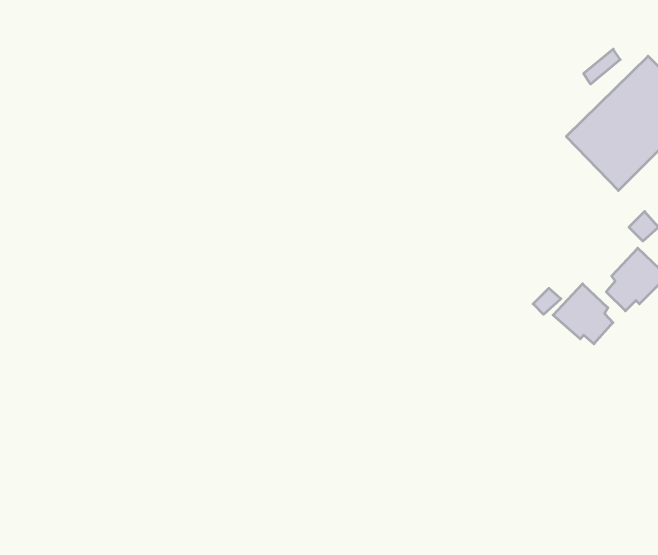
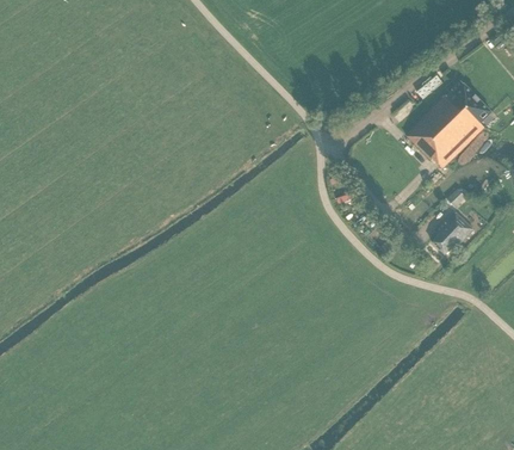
building: [553,284,613,344] -> none

